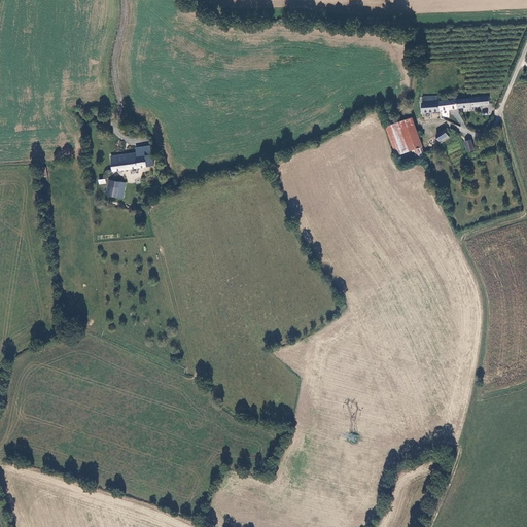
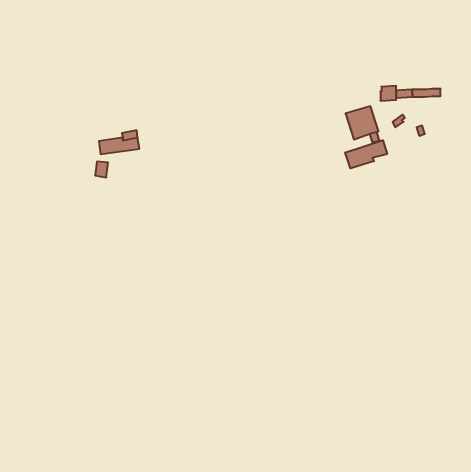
building: none -> [345,140,387,168]

